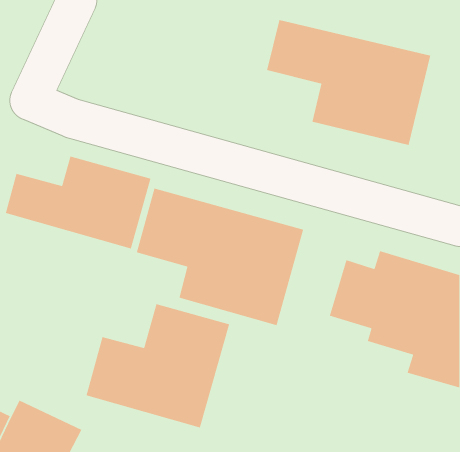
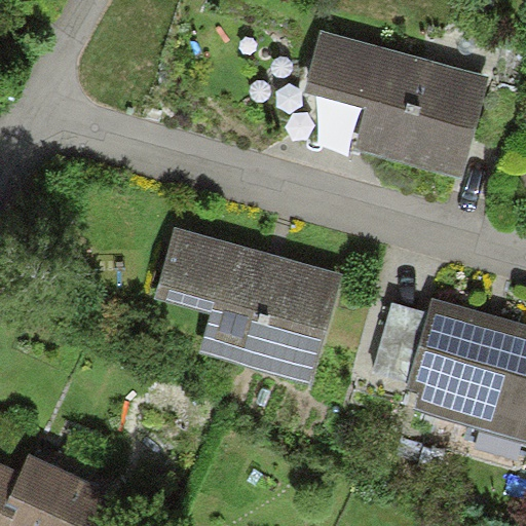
building: [5,155,151,249] -> none
building: [85,303,230,429] -> none

